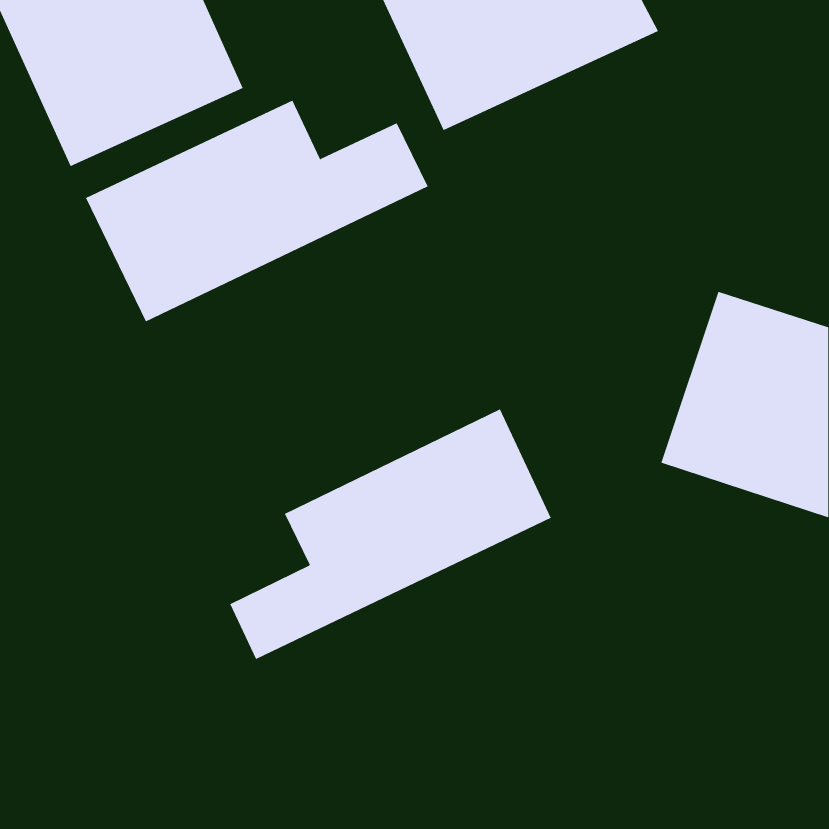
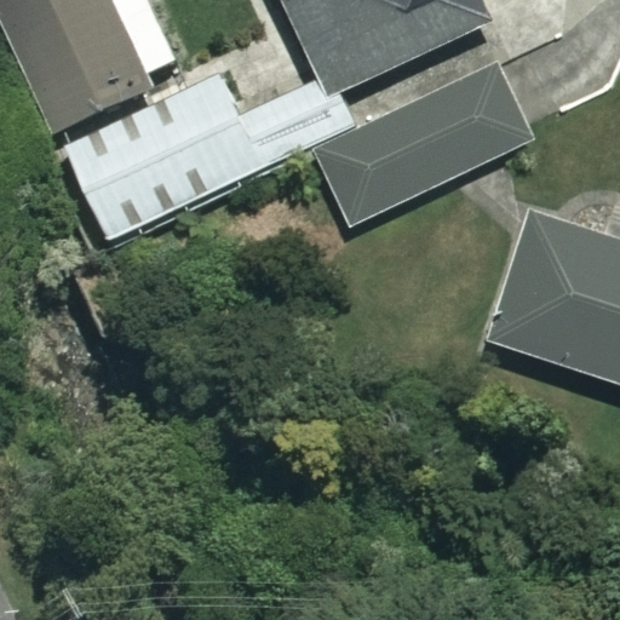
building: none -> [314,68,523,224]
building: [229,409,552,660] -> none

